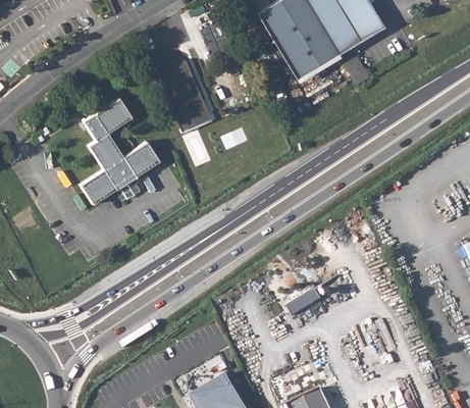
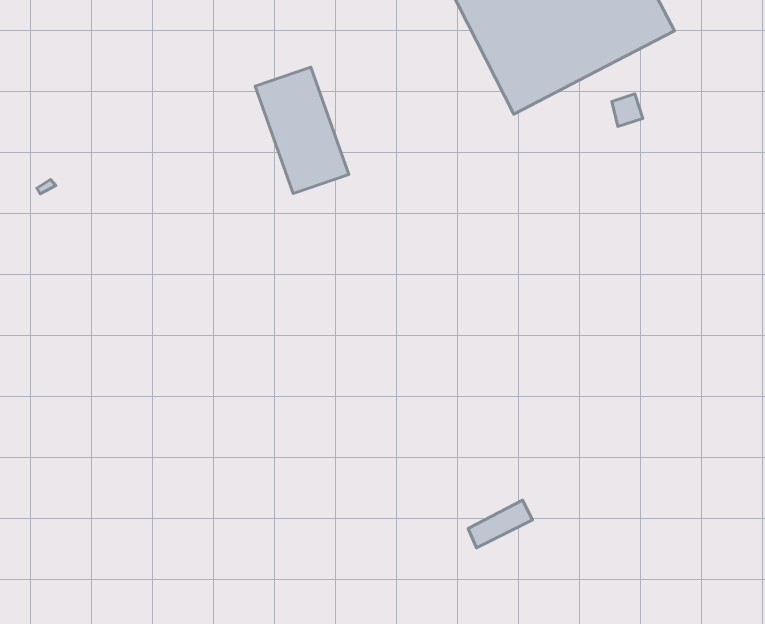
building: [82,98,161,205] -> none

